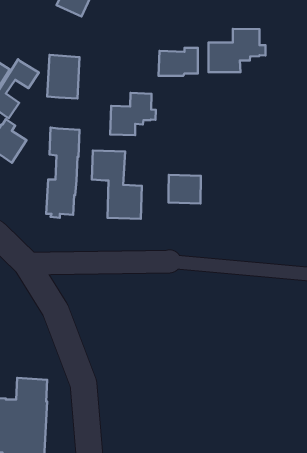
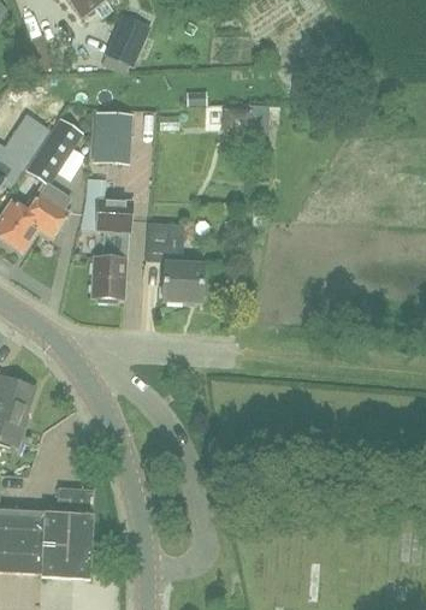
building: [208,29,266,72] -> none
building: [110,93,156,135] -> none
building: [169,175,201,204] -> none

